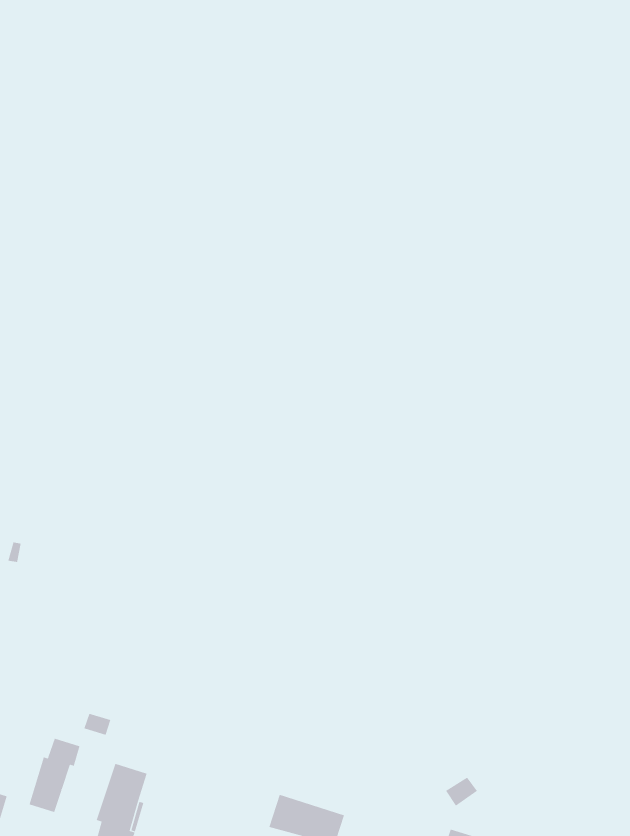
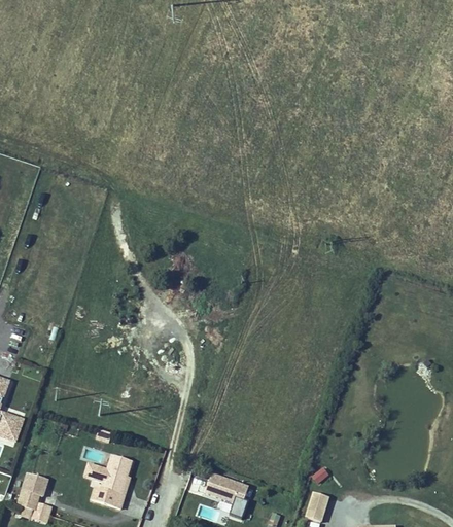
building: [29,738,80,813] -> none

